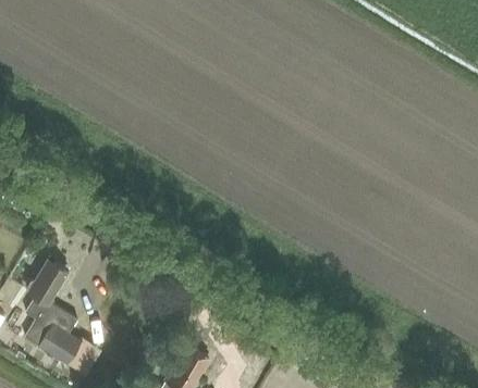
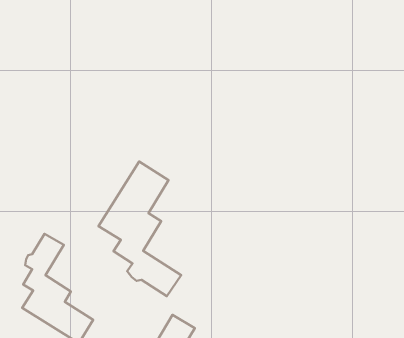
building: none -> [99,161,181,296]

